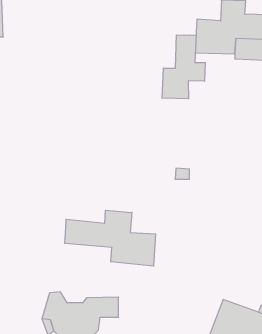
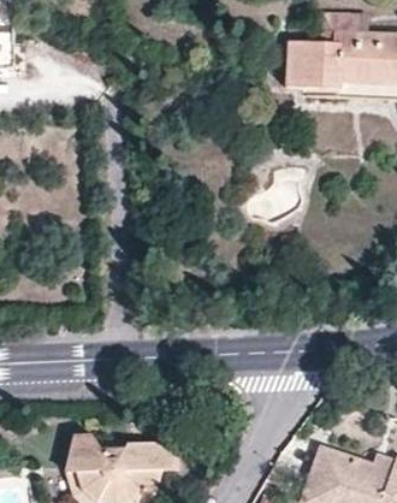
building: [162,35,205,99] -> none
building: [65,210,156,266] -> none

